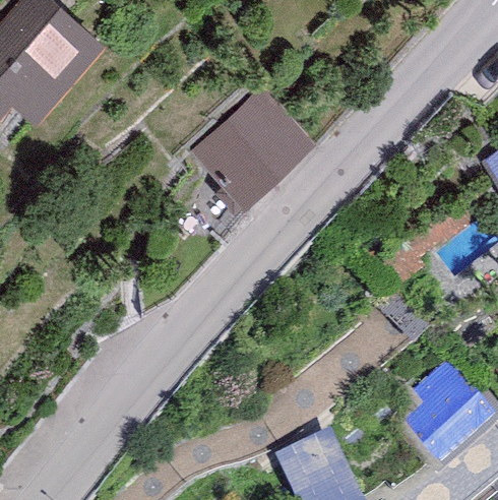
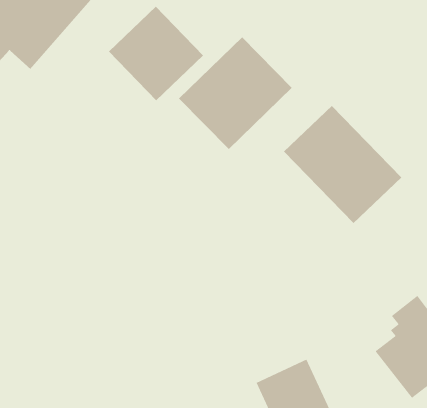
building: none -> [108,6,204,101]
building: none -> [283,105,402,224]

